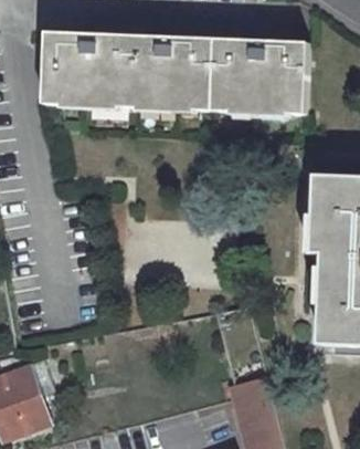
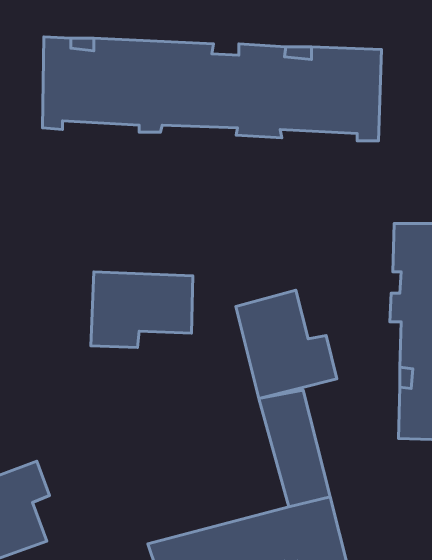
building: none -> [91,272,193,348]
building: none -> [236,290,337,399]

